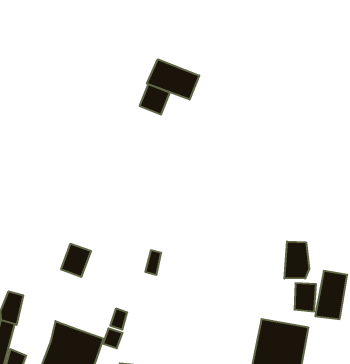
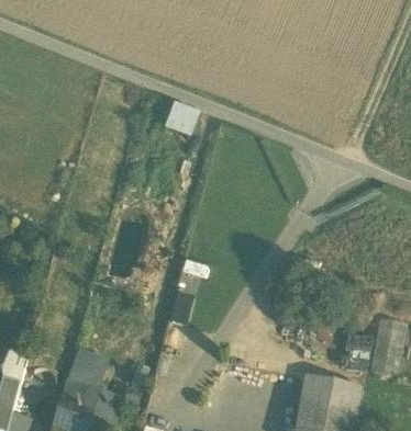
building: [147,59,199,100] -> none
building: [284,241,309,279] -> none
building: [61,244,91,277] -> [67,348,102,386]

